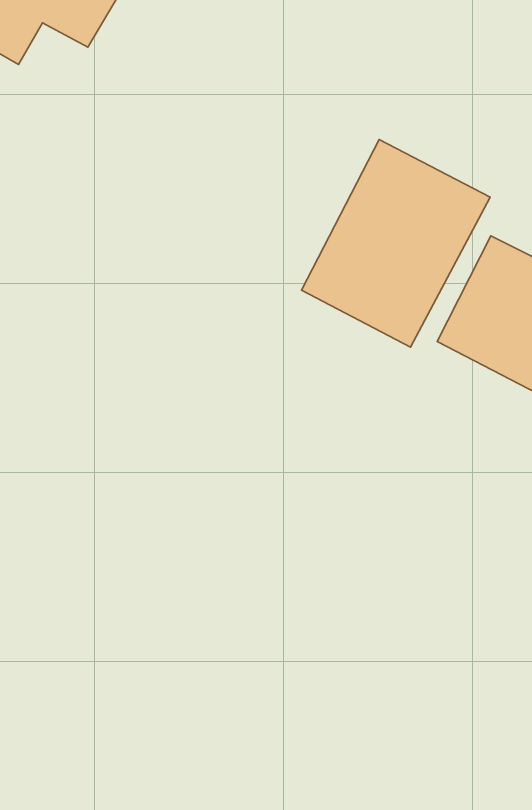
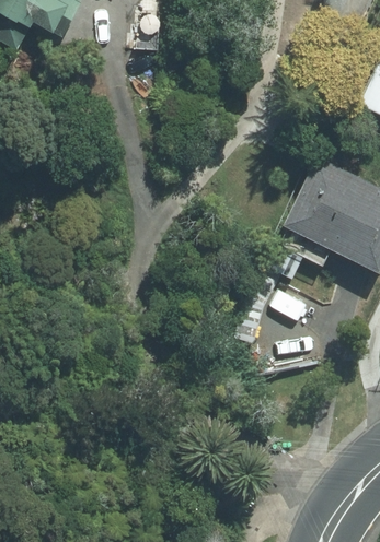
building: [302,140,490,347] -> none

